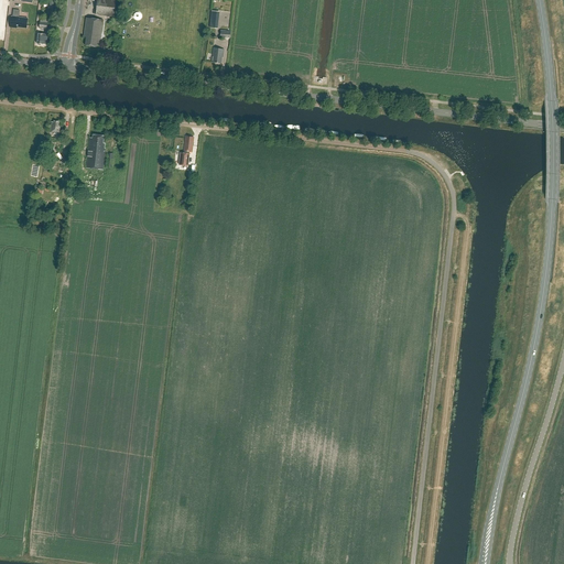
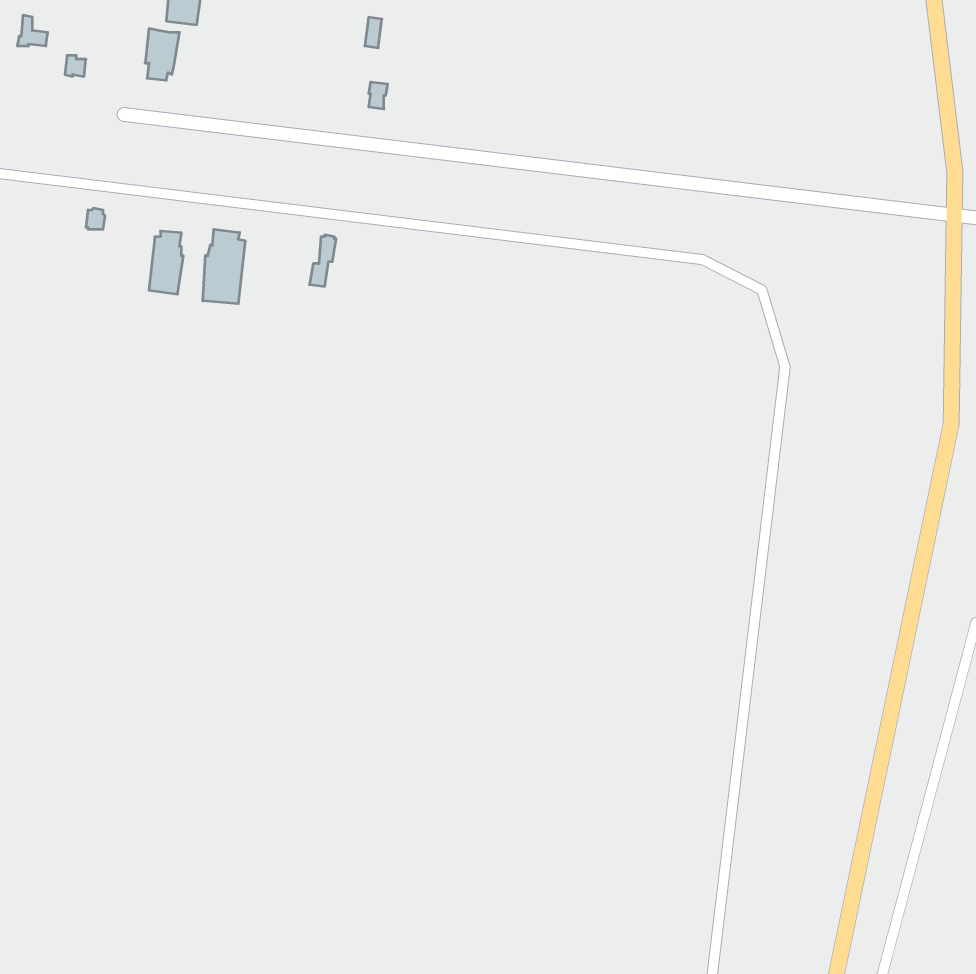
building: none -> [203,229,245,304]

